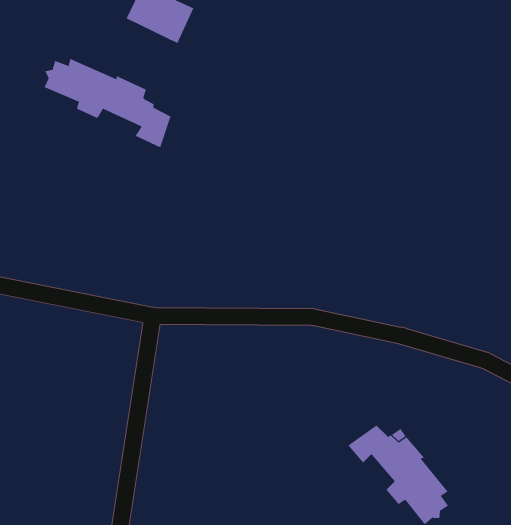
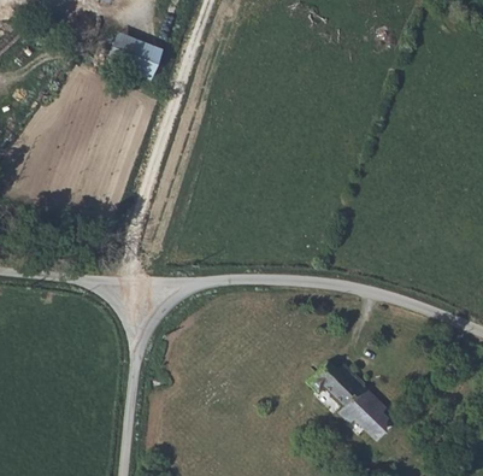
building: [44,58,171,148] -> none

